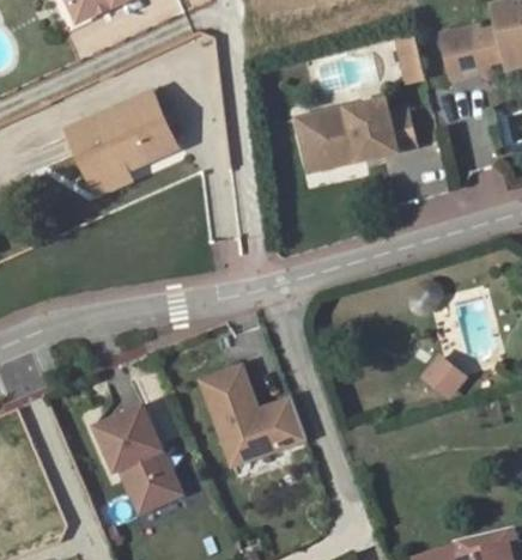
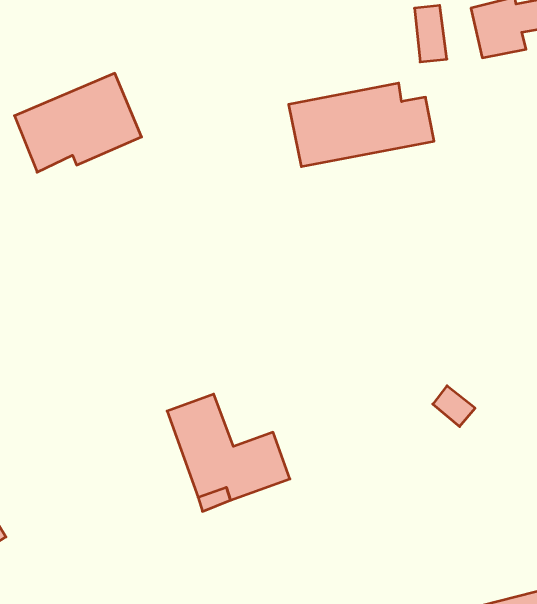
building: [89,403,176,510] -> none

